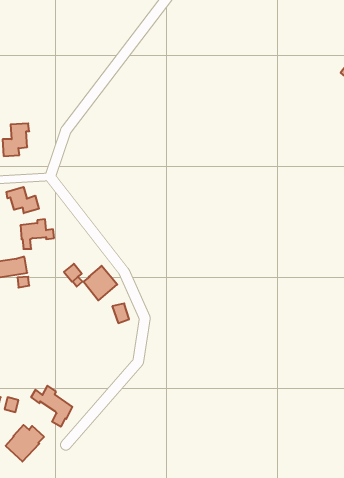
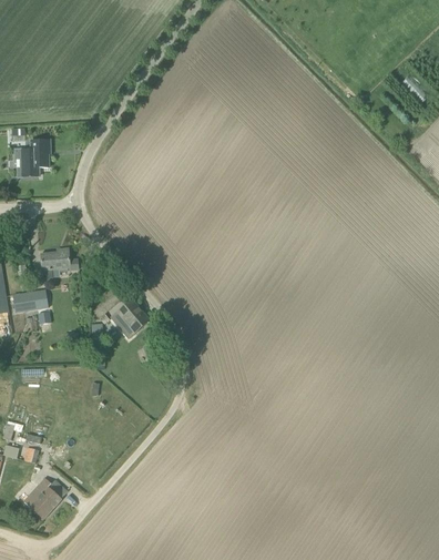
building: [6,187,39,213] -> none
building: [31,386,72,427] -> none

